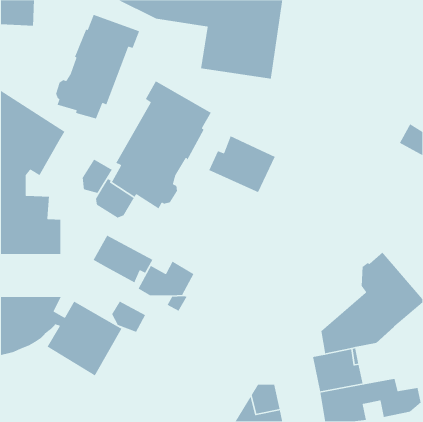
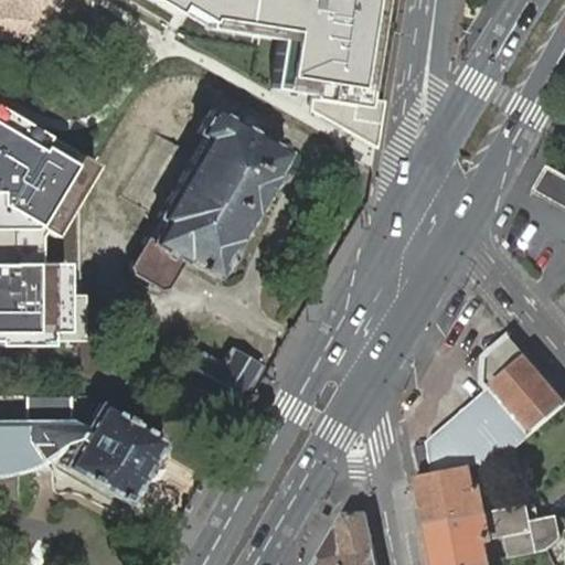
building: [55,14,140,119] -> none
building: [208,135,276,193] -> none
building: [82,159,113,194] -> none
building: [92,234,154,284] -> none
building: [111,301,146,333] -> none

